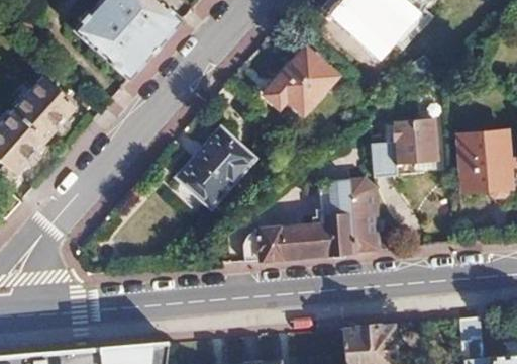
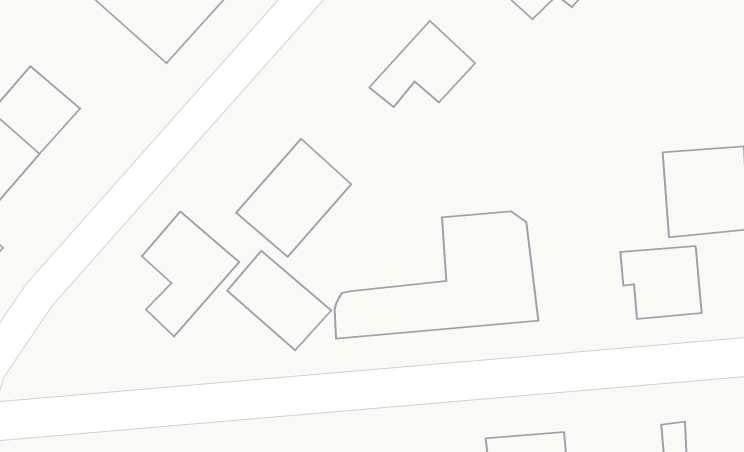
building: [383,122,437,171] -> [620,246,702,319]
building: none -> [142,212,239,337]
building: none -> [227,251,331,350]

